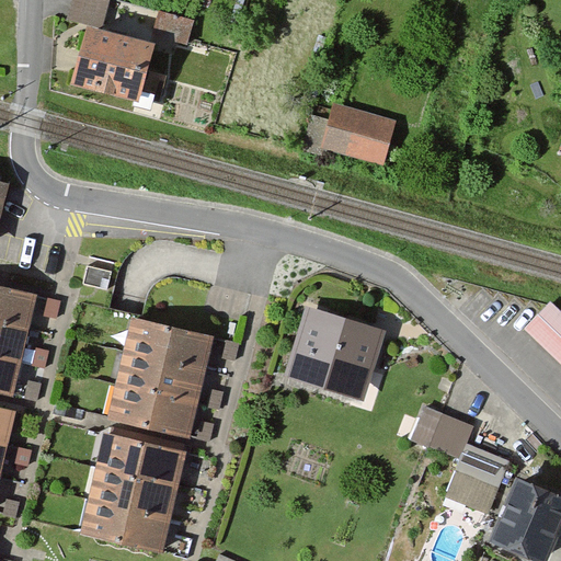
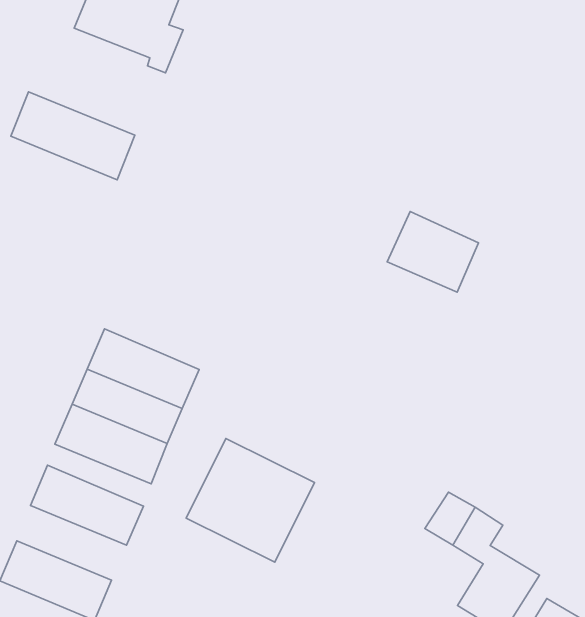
building: [323,104,393,162] -> [387,212,478,292]
building: none -> [11,92,135,180]
building: [287,307,385,399] -> [186,438,315,562]
building: [89,468,176,517] -> none

